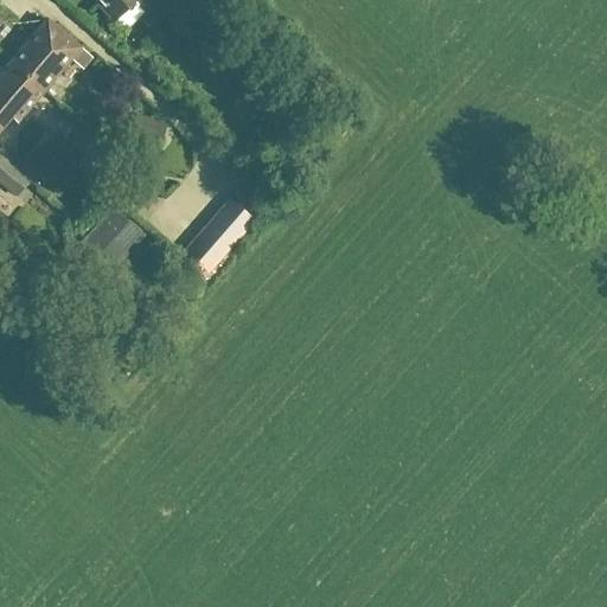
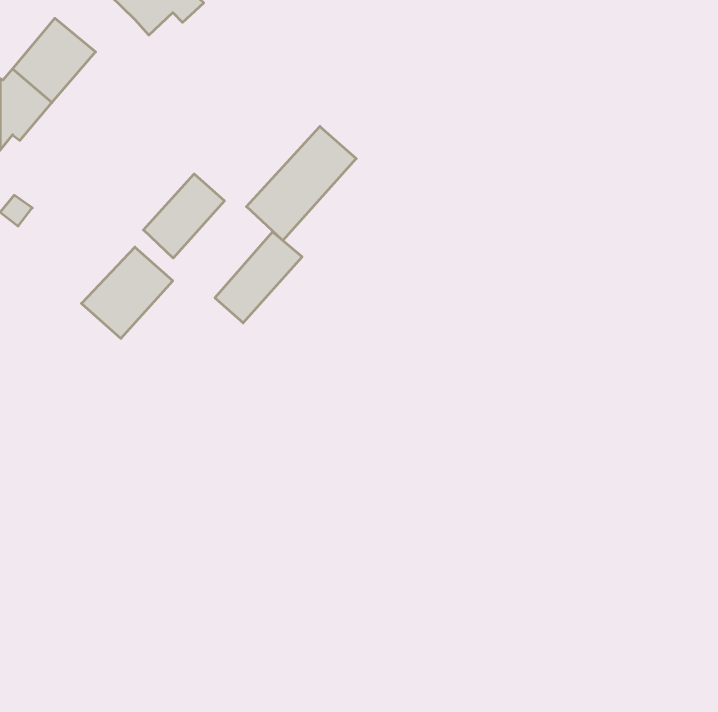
building: none -> [246,126,356,241]
building: none -> [143,174,224,258]

